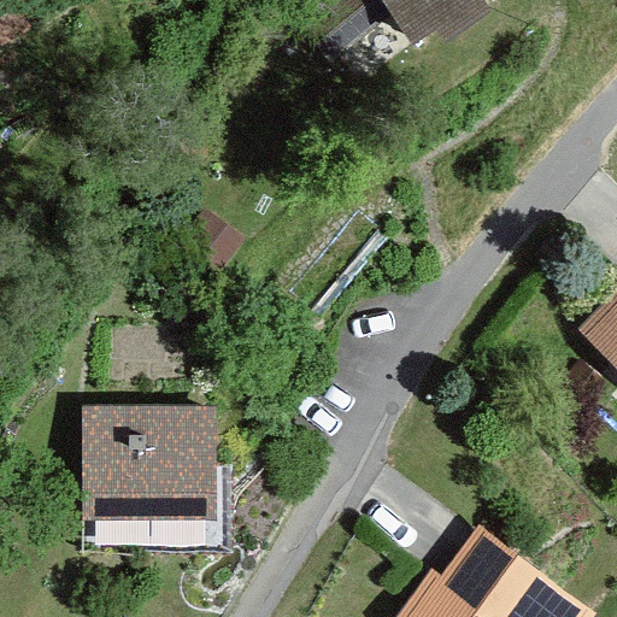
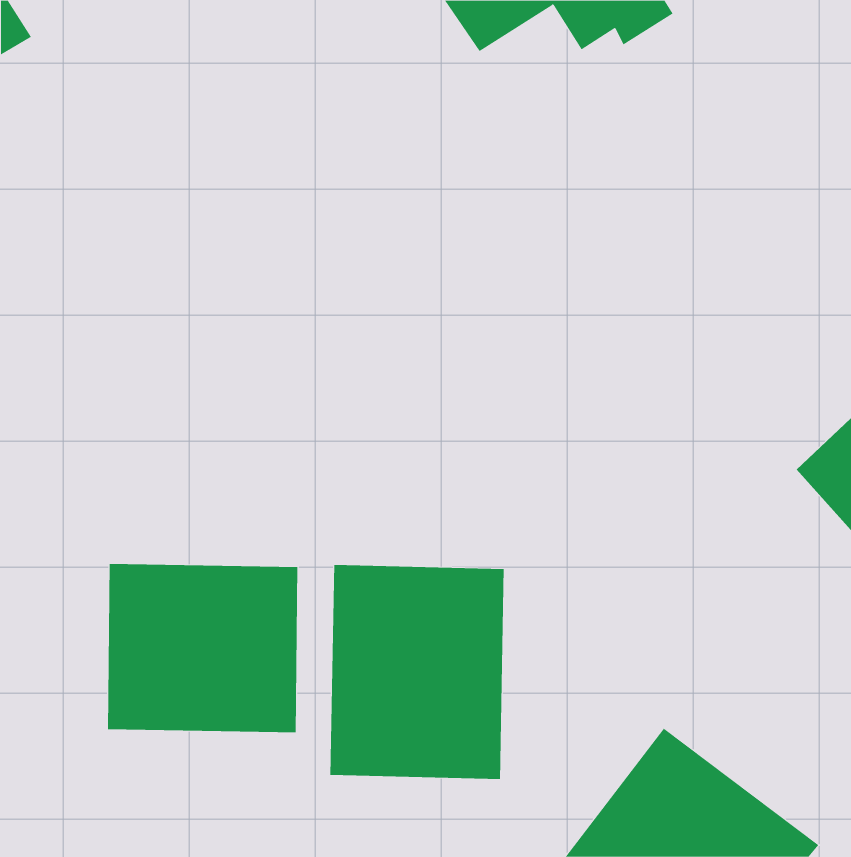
building: none -> [330,564,504,780]

